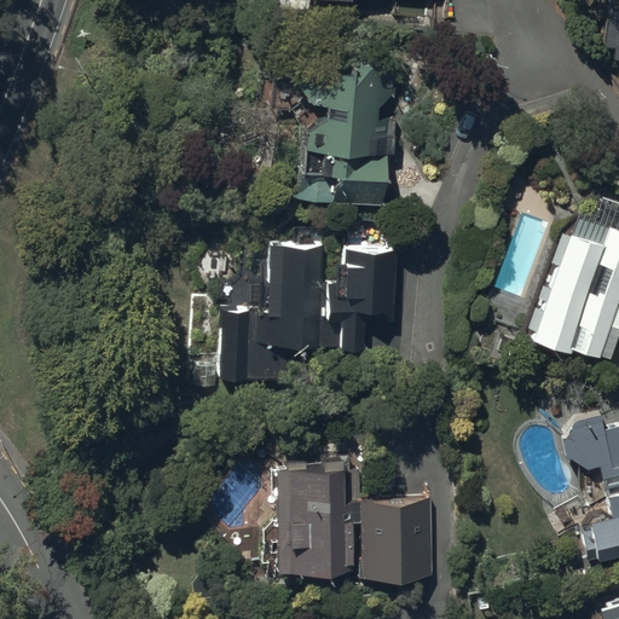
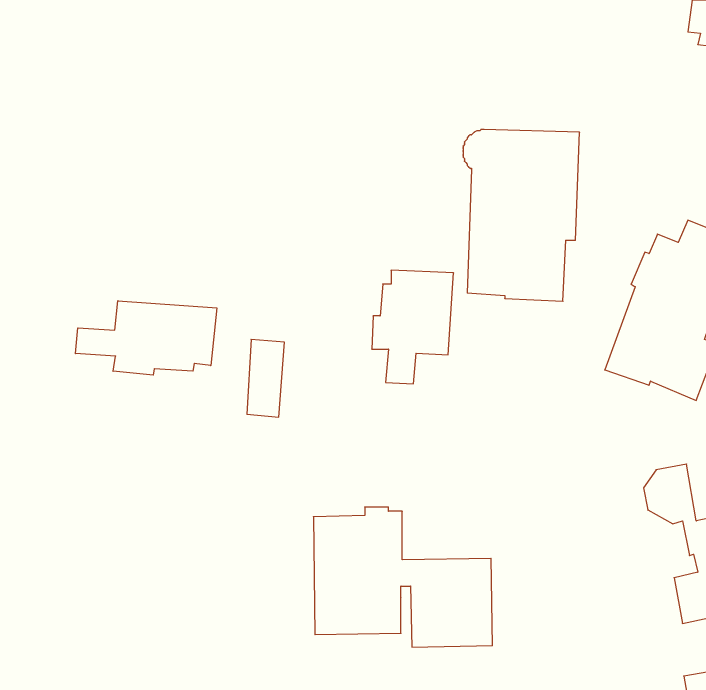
building: [296,60,398,210] -> [463,129,580,301]
building: [259,247,332,349] -> none
building: none -> [75,301,217,375]

